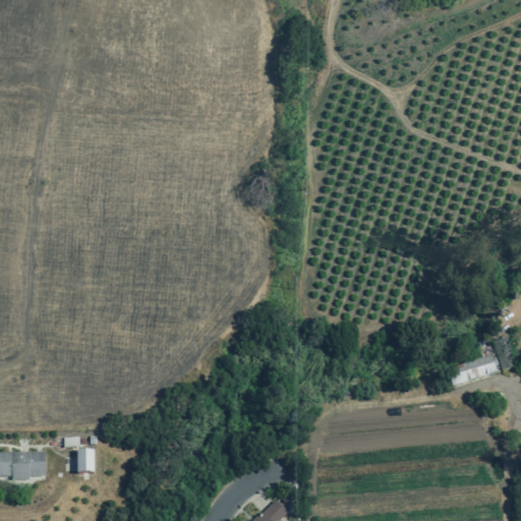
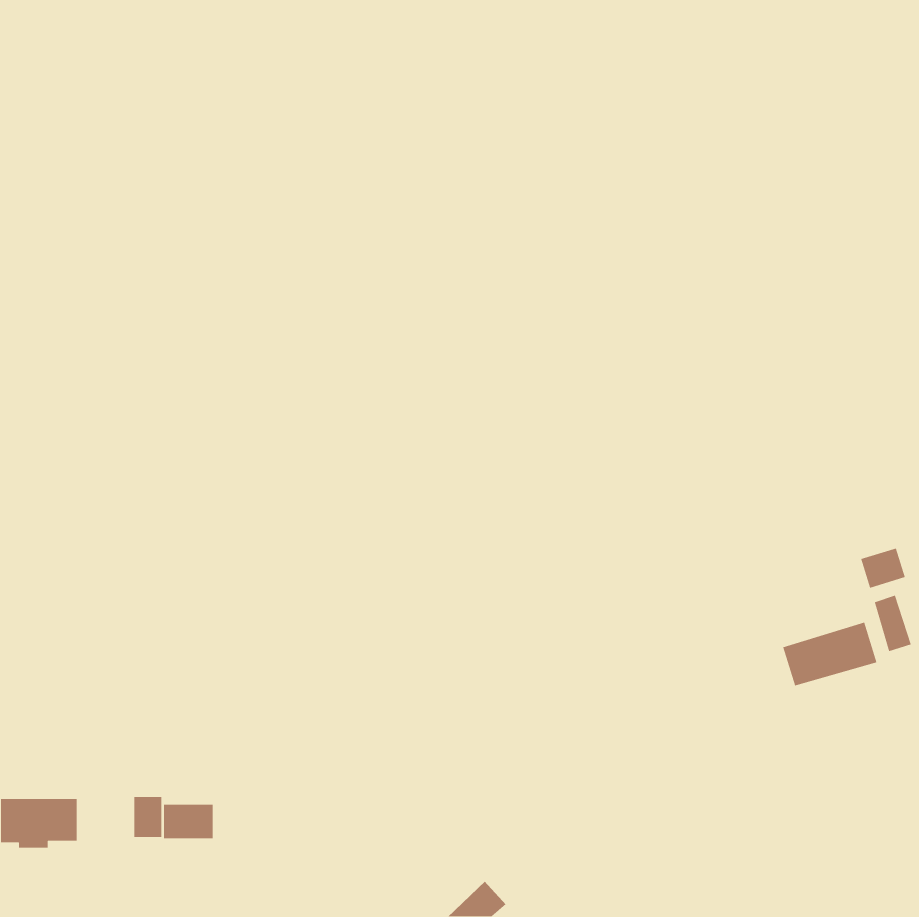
building: none -> [860,547,906,589]
building: none -> [163,804,214,839]

